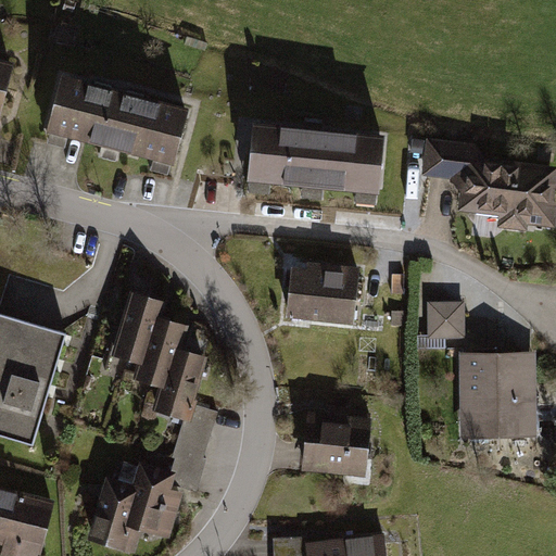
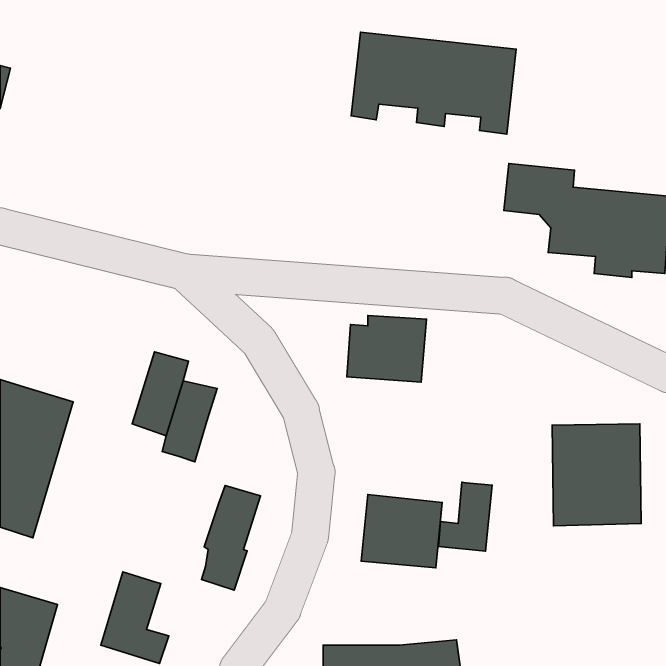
building: [42,77,187,178] -> none
building: [245,123,382,207] -> [351,32,516,134]
building: [428,301,463,337] -> none
building: [143,352,202,420] -> none
building: none -> [438,482,492,551]
building: [124,463,180,538] -> none

